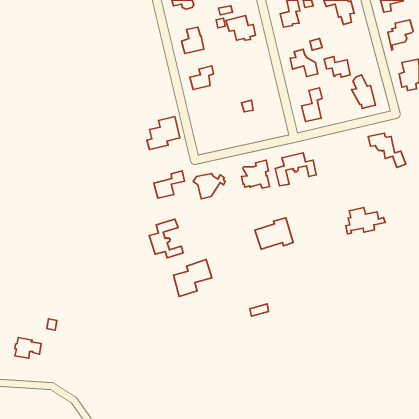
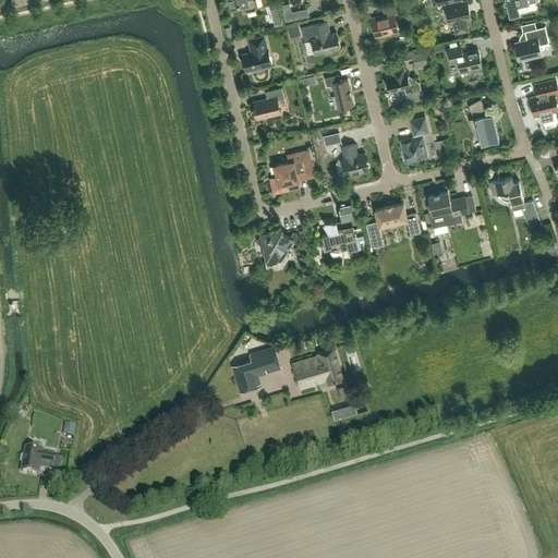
building: none -> [325,75,352,109]
building: [324,57,350,77] -> [447,47,482,74]
building: none -> [336,145,367,178]
building: [147,116,180,149] -> [270,149,314,193]
building: [154,171,185,198] -> none
building: [346,208,385,234] -> [423,192,475,227]
building: [255,218,293,249] -> [290,348,341,389]
building: [149,219,183,258] -> none

